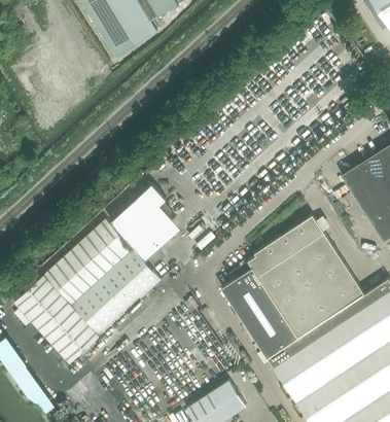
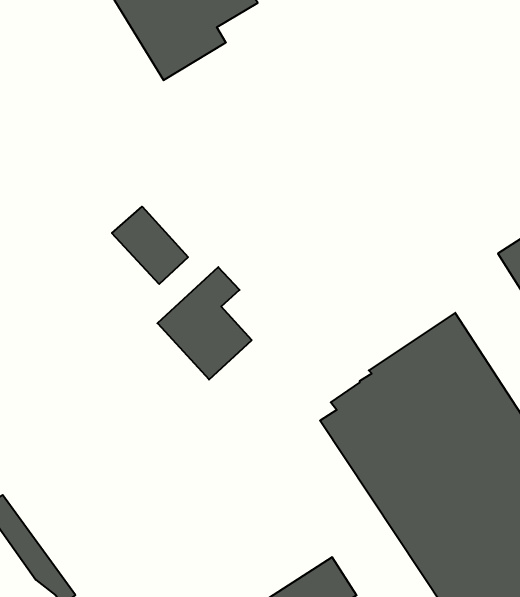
building: none -> [112,207,188,284]
building: [14,220,162,364] -> none

